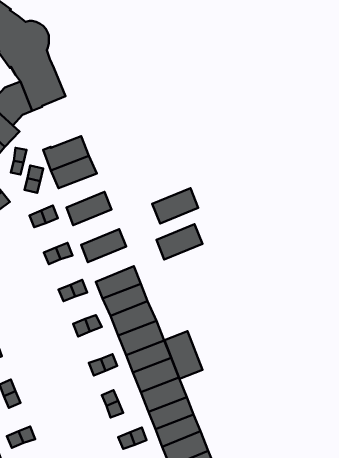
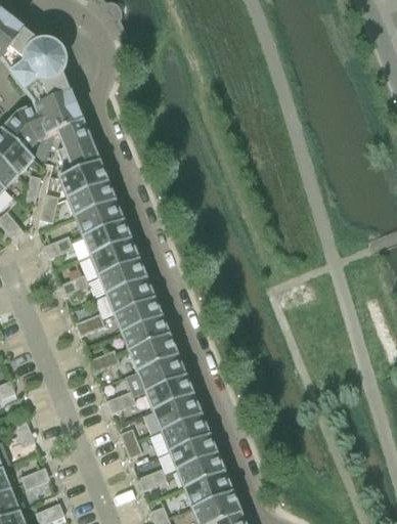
building: none -> [58,120,99,174]
building: none -> [76,201,124,236]
building: [152,188,198,223] -> [91,238,139,275]
building: [156,224,202,259] -> [106,277,155,314]
building: [165,331,202,379] -> none

